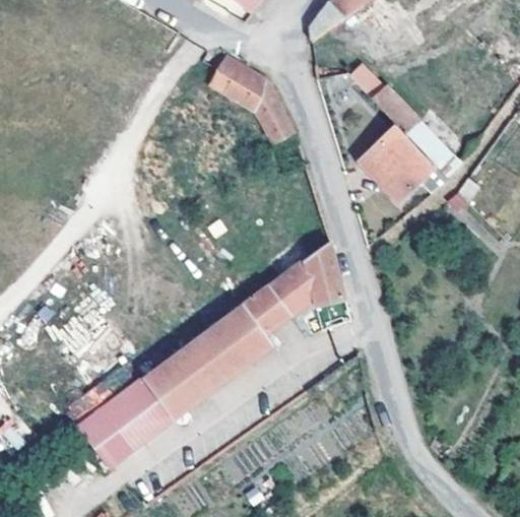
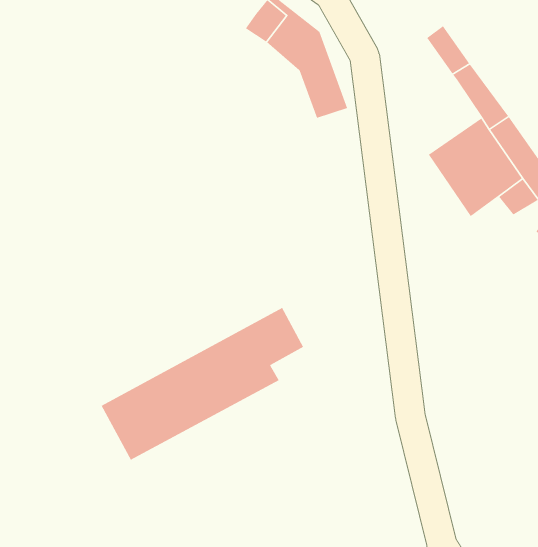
building: [267,241,343,314] -> none
building: [82,380,172,462] -> none

